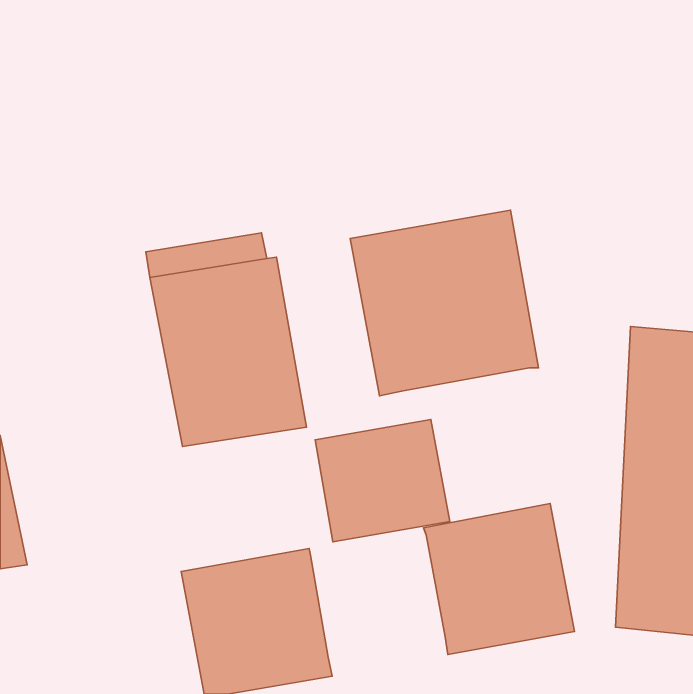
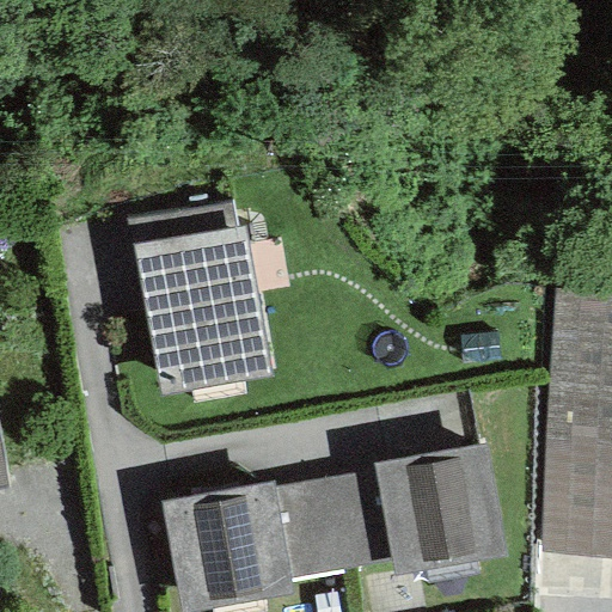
building: [350,210,538,396] -> none
building: [315,419,450,542] -> [275,470,393,577]

